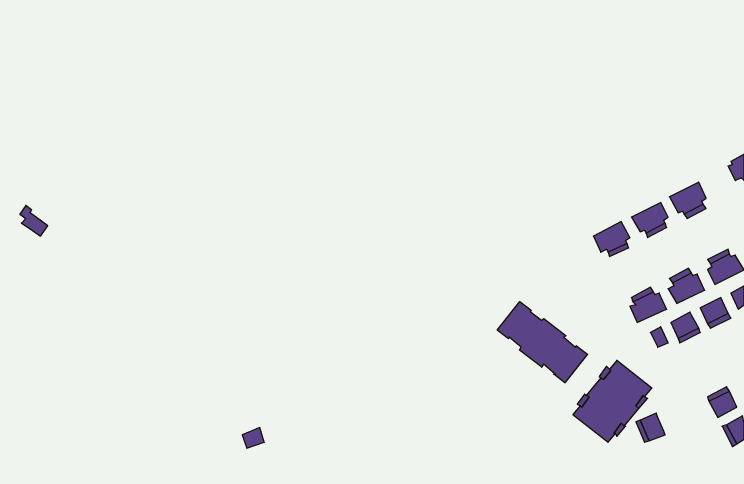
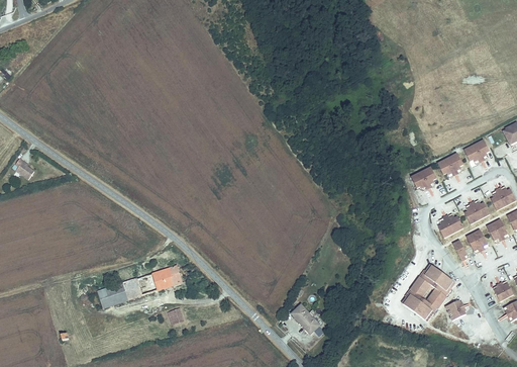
building: [497,302,588,383] -> none
building: none -> [102,267,184,309]
building: none -> [291,304,320,335]

